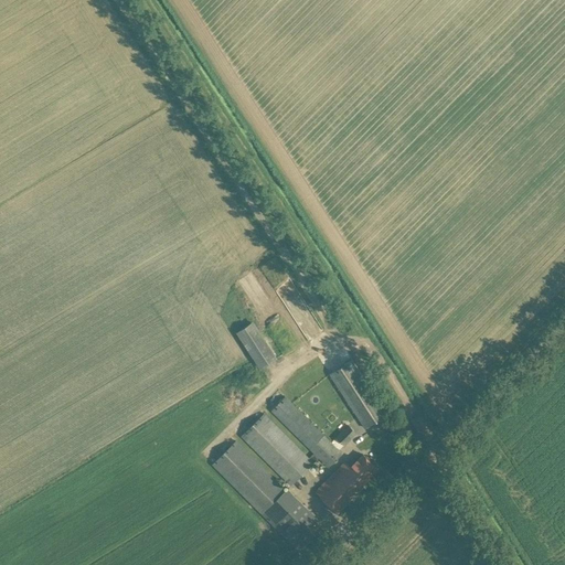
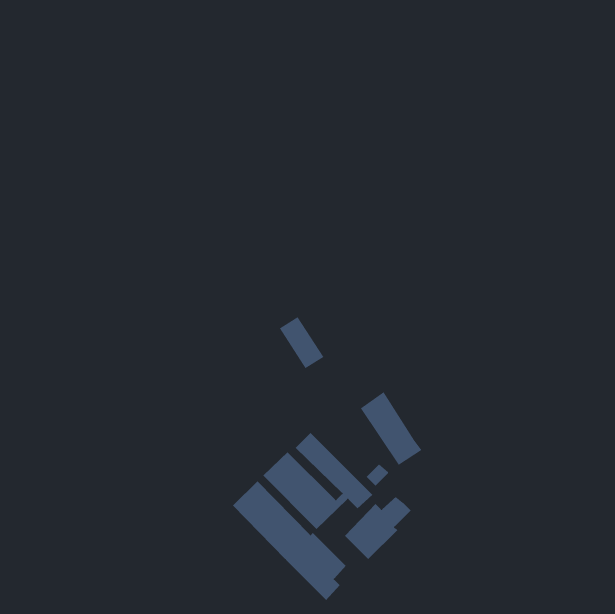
building: [233,321,275,370] -> [279,316,324,369]

